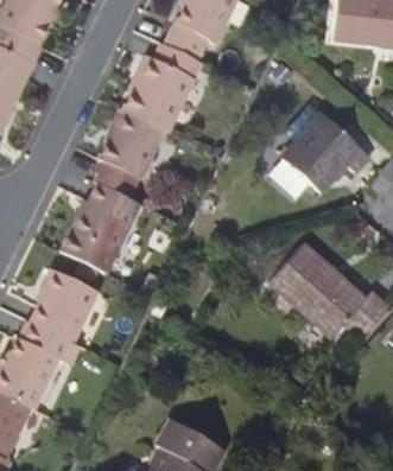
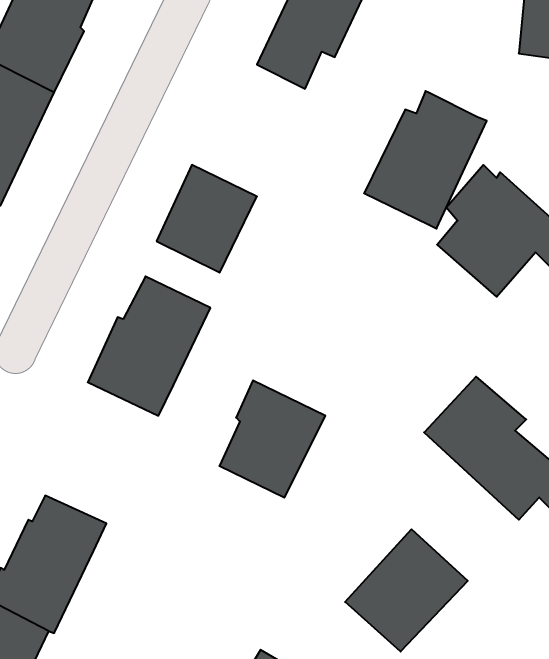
building: [125,42,203,129] -> [364,91,487,229]
building: [28,261,96,336] -> [219,380,325,498]
building: none -> [345,529,468,652]

